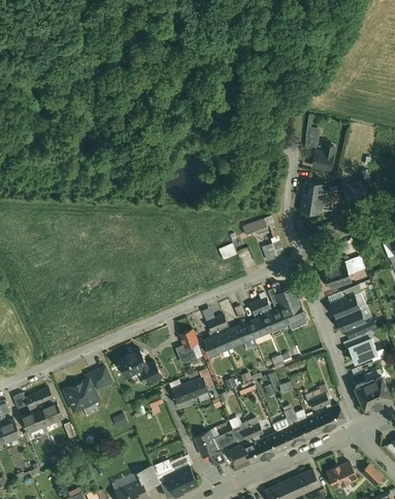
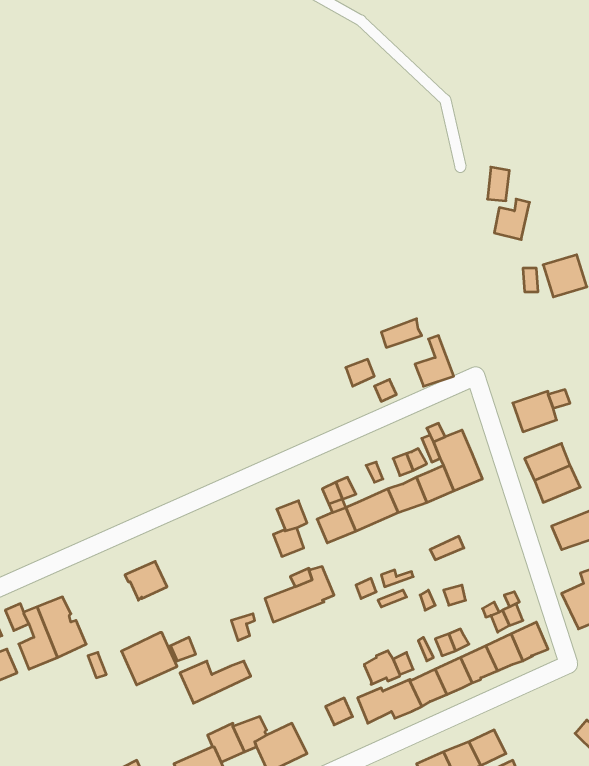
building: [299,181,322,213] -> none
building: [118,350,146,377] -> none
building: [64,379,98,411] -> [121,633,177,685]
building: [193,431,236,457] -> [180,661,251,703]
building: [326,462,356,488] -> none

